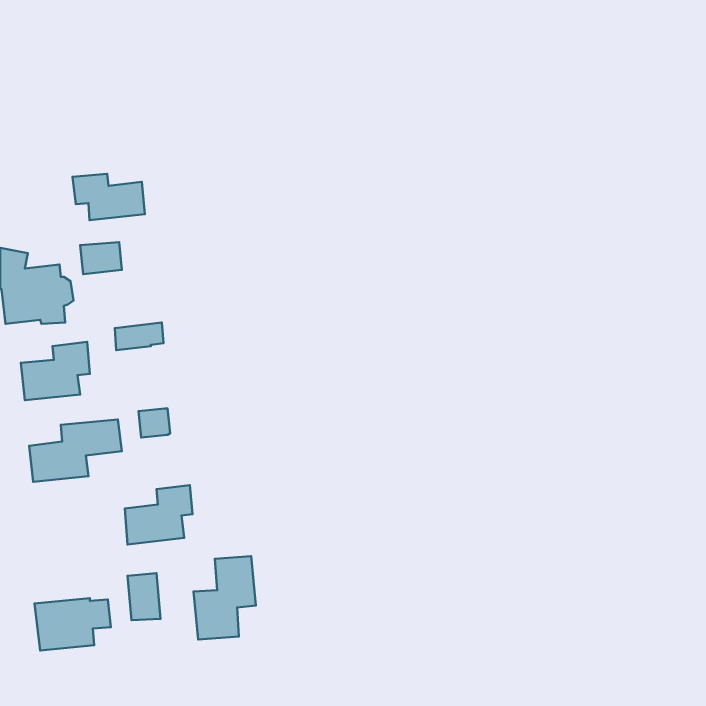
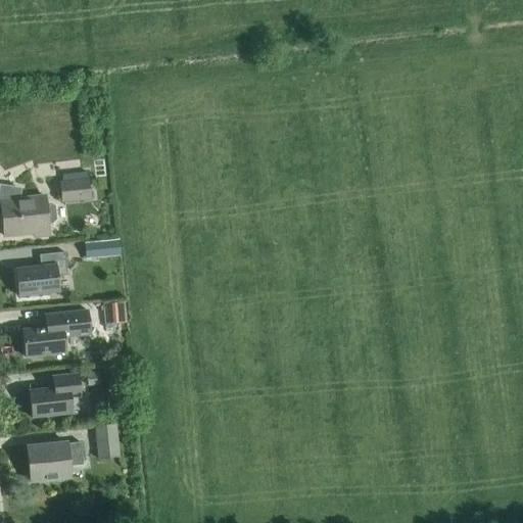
building: [72,174,145,220] -> none
building: [125,485,193,545] -> [30,373,80,417]
building: [194,556,256,640] -> none

